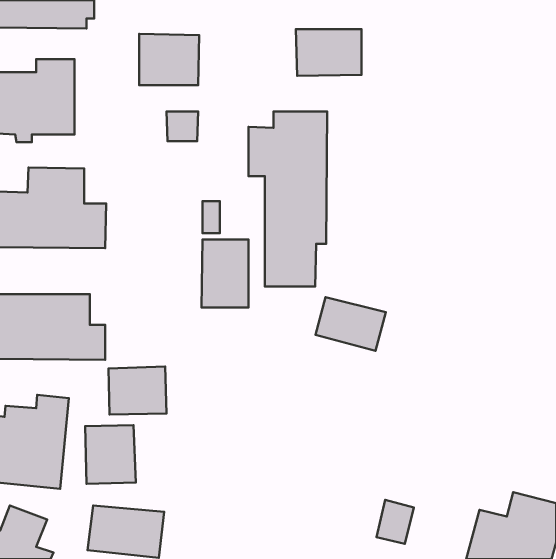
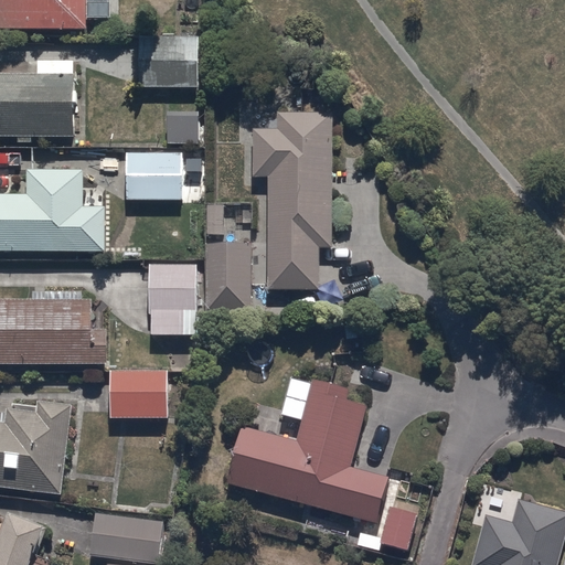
building: [296,29,362,76] -> none
building: none -> [126,151,183,200]
building: none -> [148,264,196,335]
building: [316,297,386,351] -> none
building: none -> [224,377,390,523]
building: [85,425,136,484] -> none

